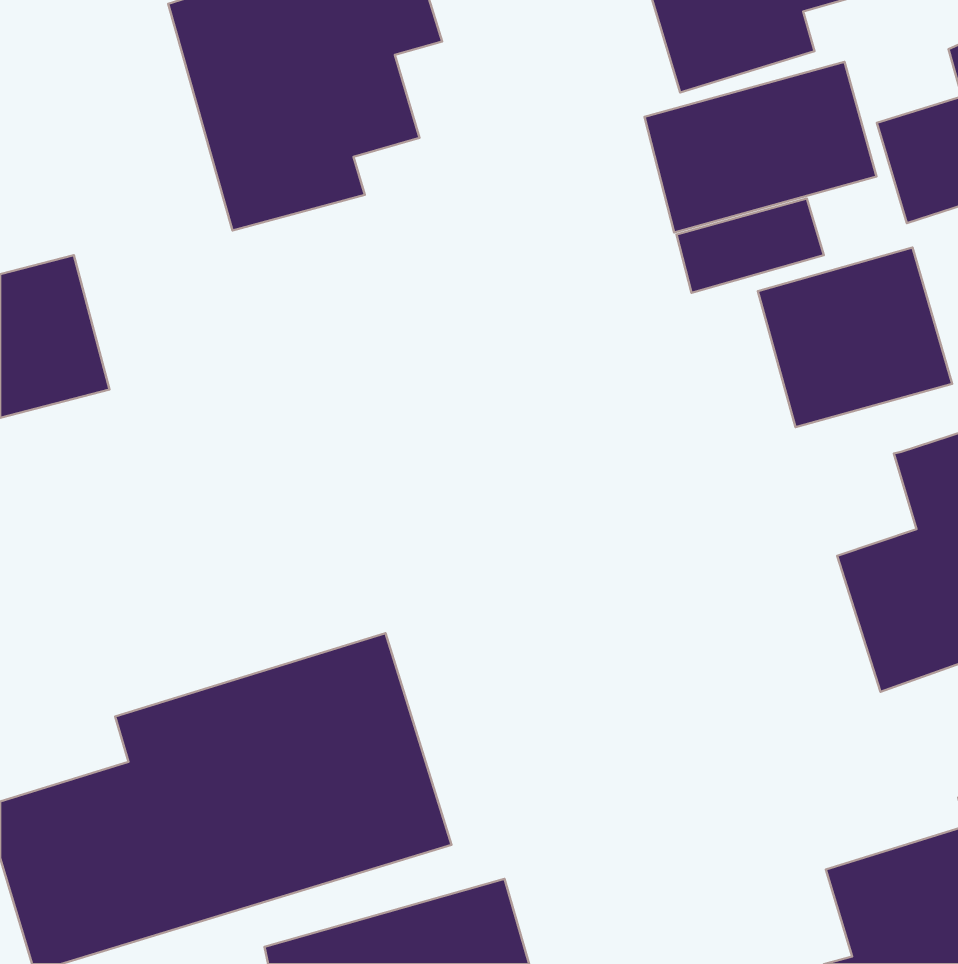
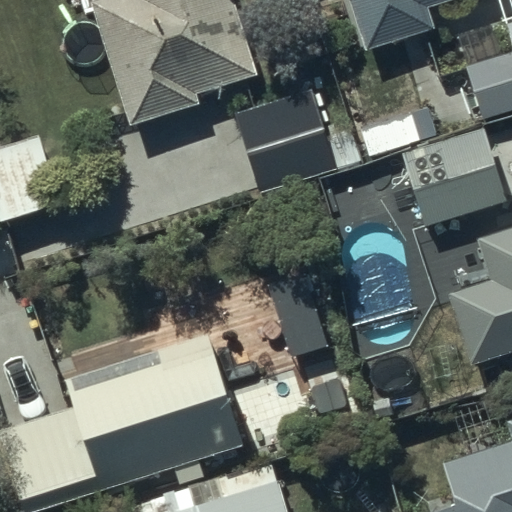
building: [645,62,876,233] -> none
building: none -> [236,94,325,192]

